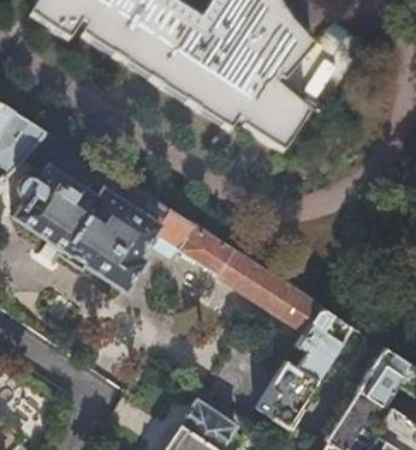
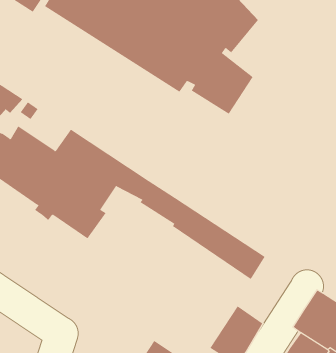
building: [290,310,353,382] -> none

